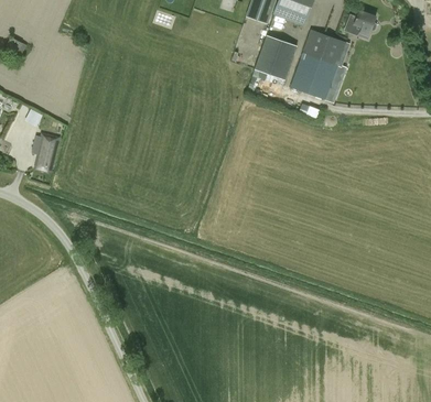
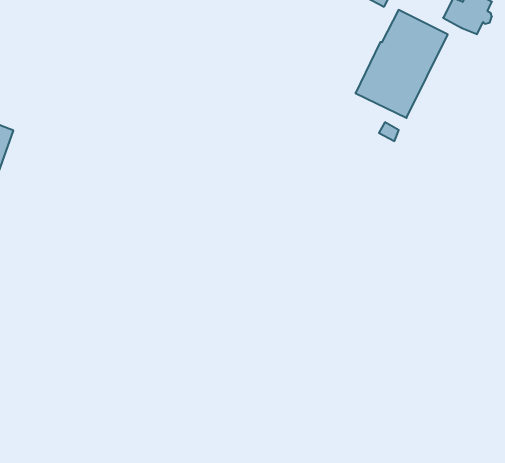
building: [254,34,297,79] -> none

